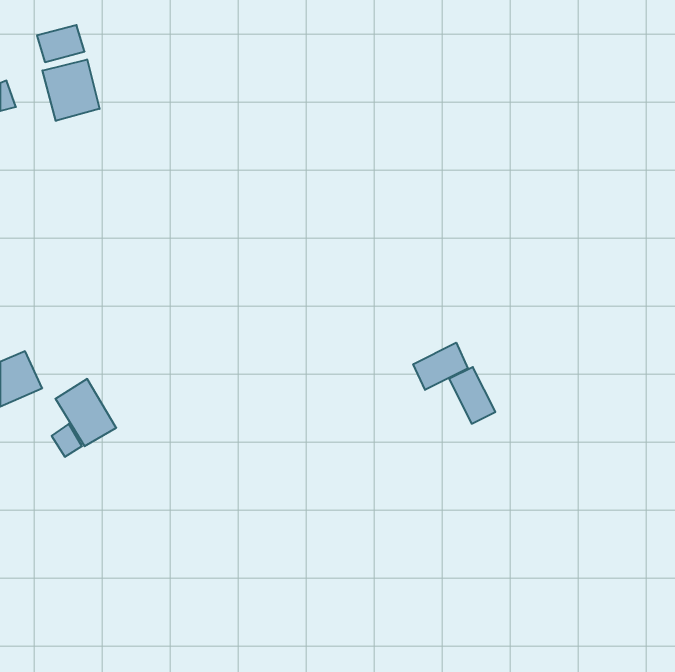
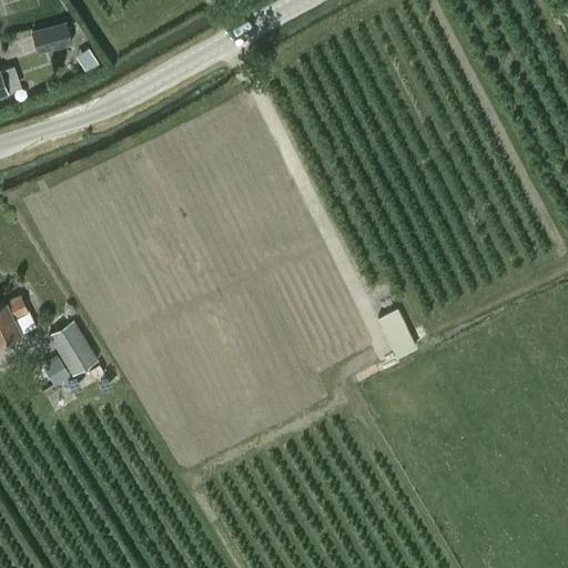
building: [42,59,100,121] -> none
building: [413,343,468,390] -> none

